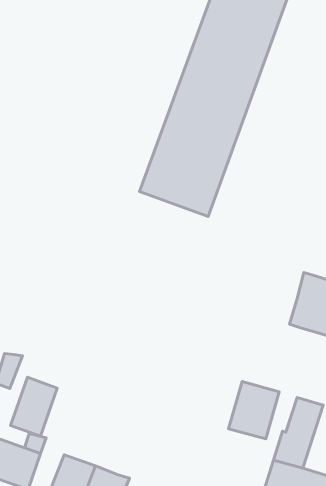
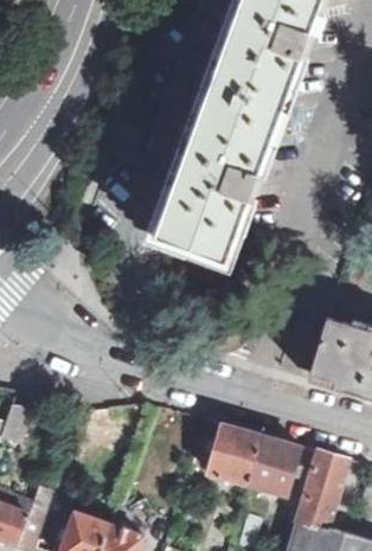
building: none -> [207,423,261,485]
building: [11,377,57,436] -> none

